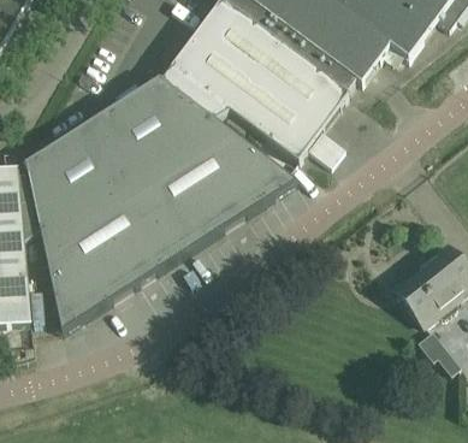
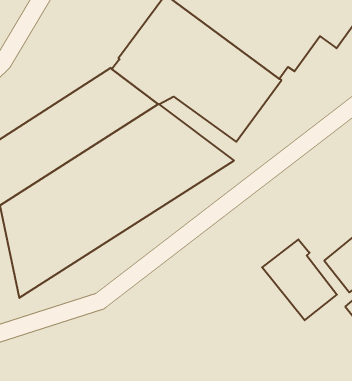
building: none -> [262,239,337,320]

